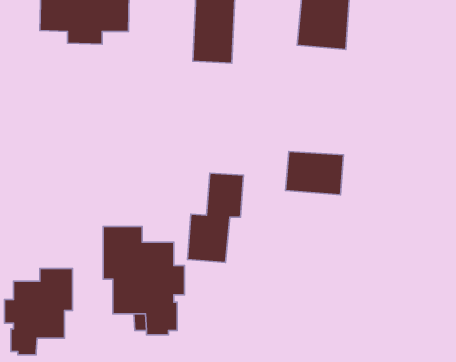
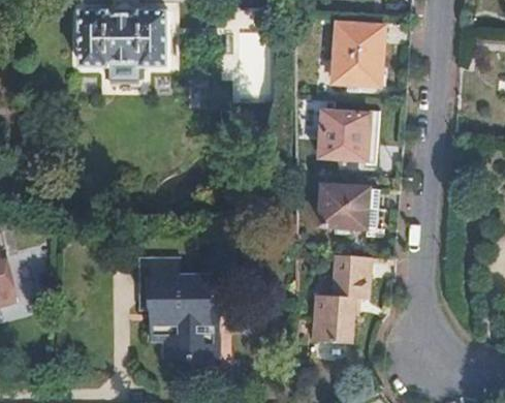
building: none -> [319,109,376,162]
building: [188,173,244,263] -> [311,253,366,341]
building: [5,268,72,355] -> none

